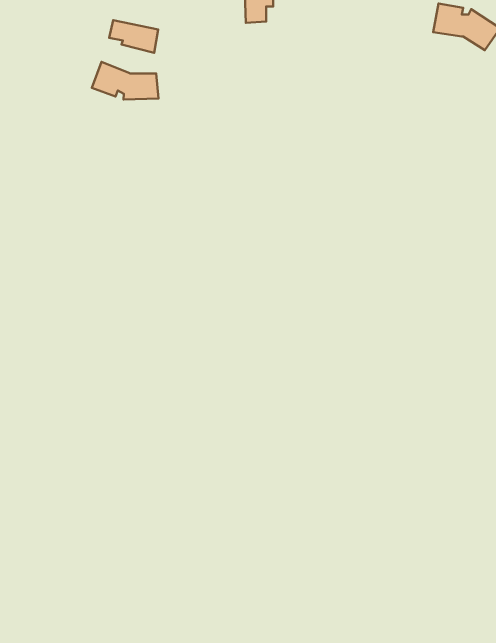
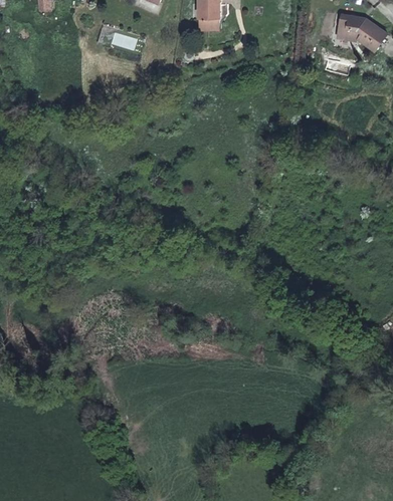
building: [92,62,158,100] -> none

